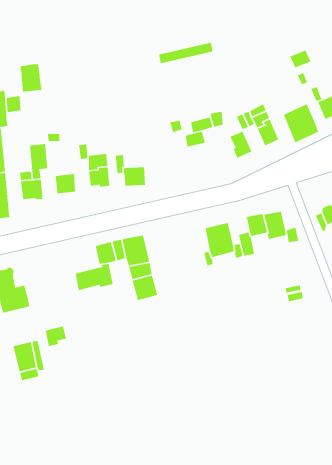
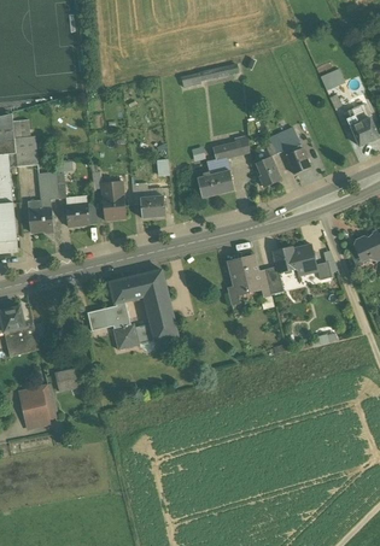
building: [20,64,42,93] -> [14,135,39,166]
building: [283,103,319,143] -> none
building: none -> [198,170,234,196]
building: none -> [113,322,156,348]

